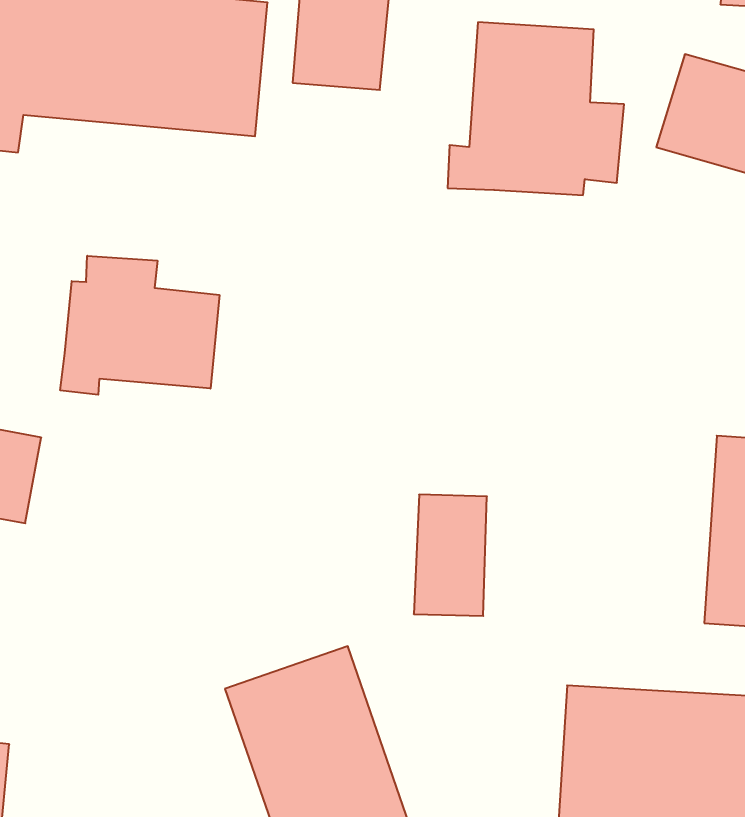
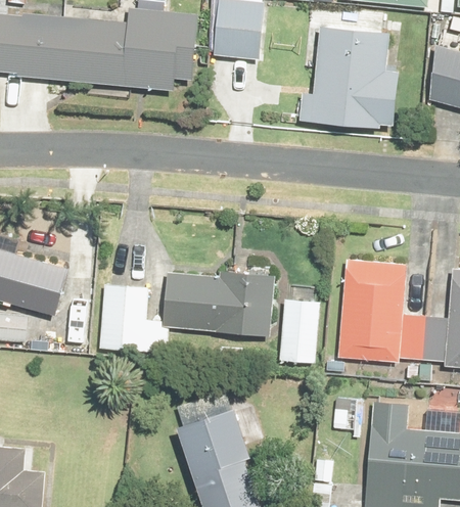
building: [60,256,219,395] -> none
building: none -> [322,261,433,367]
building: none -> [86,269,268,355]

